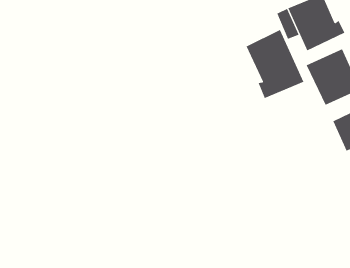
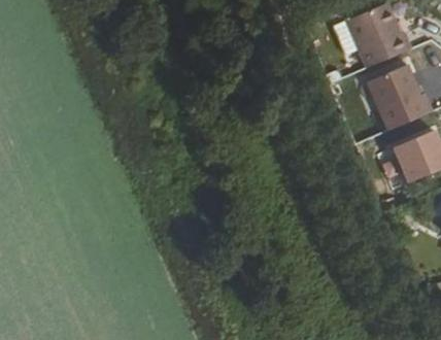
building: [246,29,304,99] -> none

